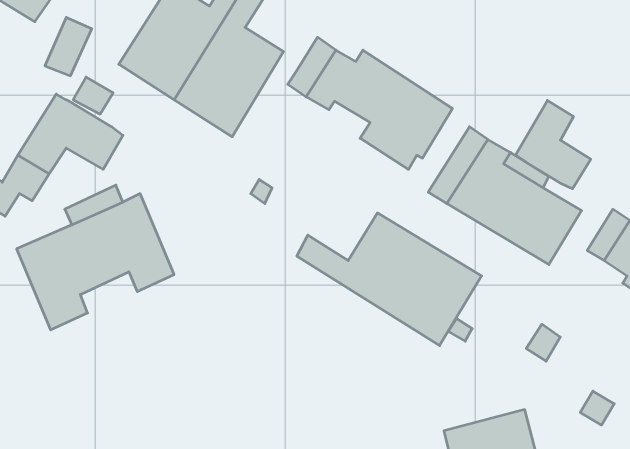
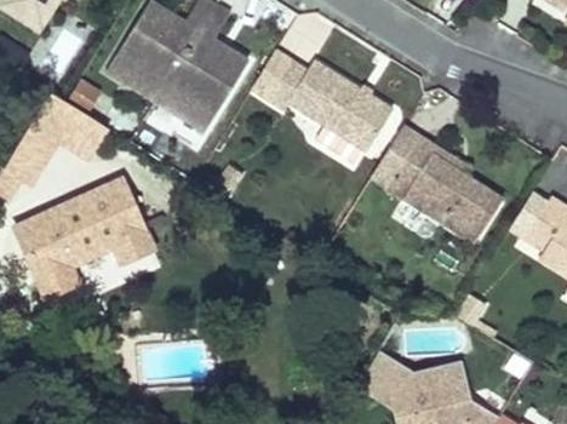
building: [516,100,591,189] -> none
building: [297,213,482,346] -> none

